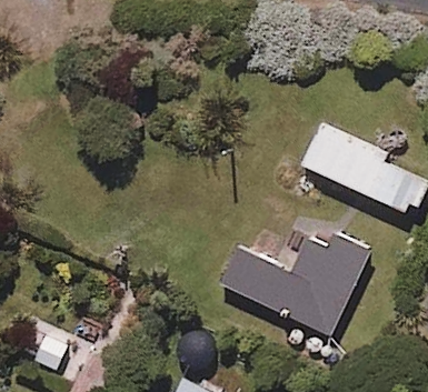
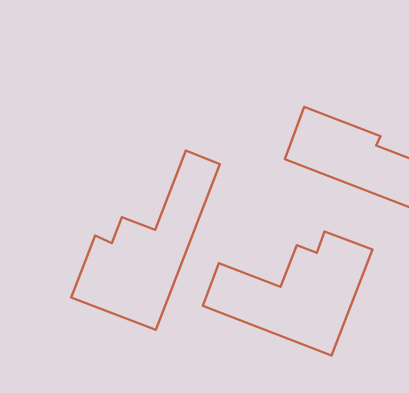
building: none -> [71,150,220,330]

